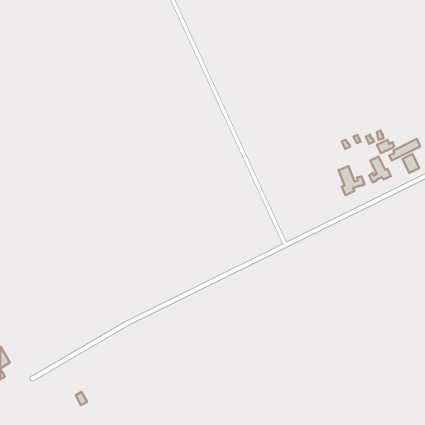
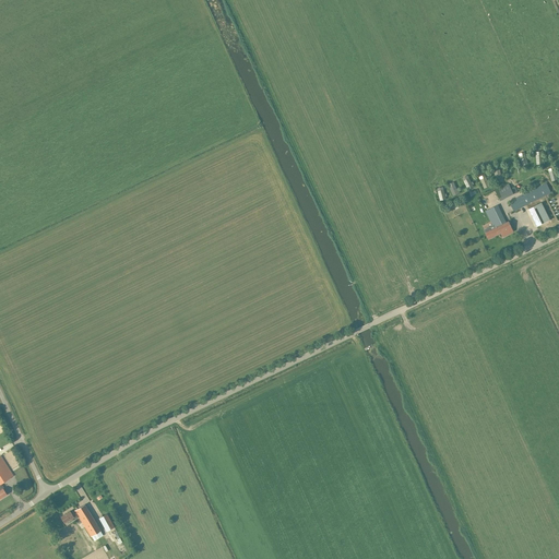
building: [338,166,365,195] -> none
building: none -> [61,504,104,542]

